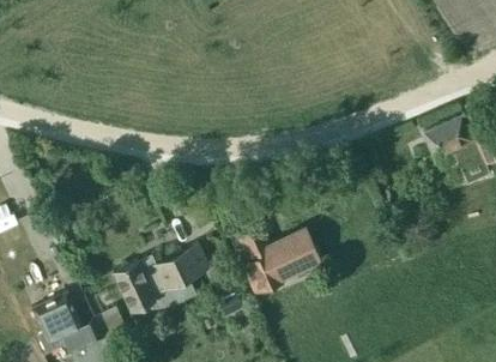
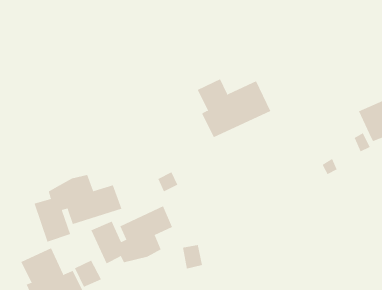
building: none -> [34,174,122,243]
building: [235,225,321,295] -> [197,78,271,138]

